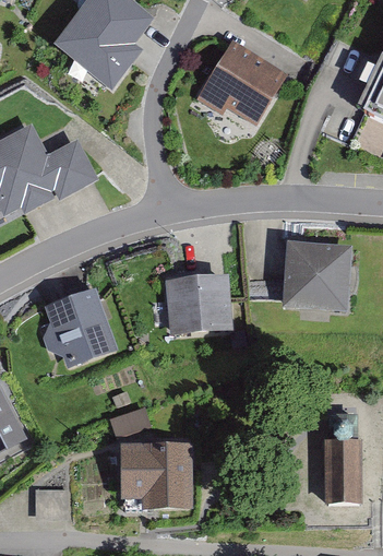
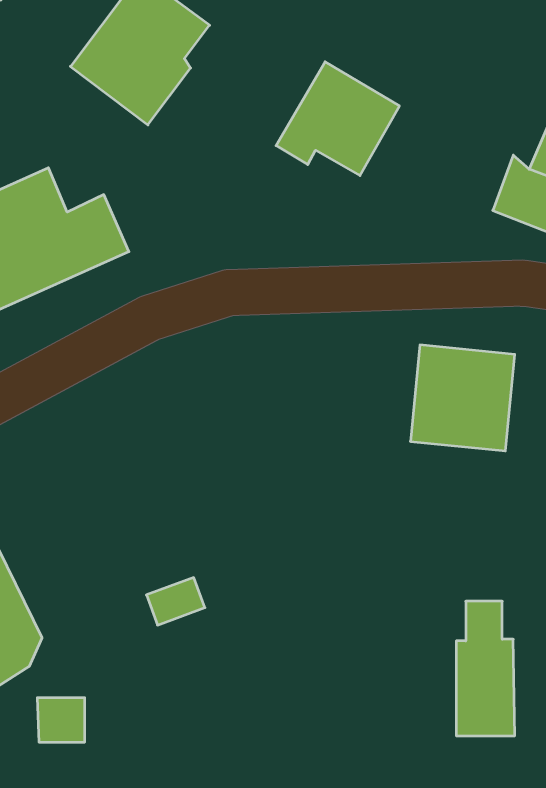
building: [170,272,239,332] -> none
building: [41,282,130,369] -> none
building: [115,438,185,504] -> none

